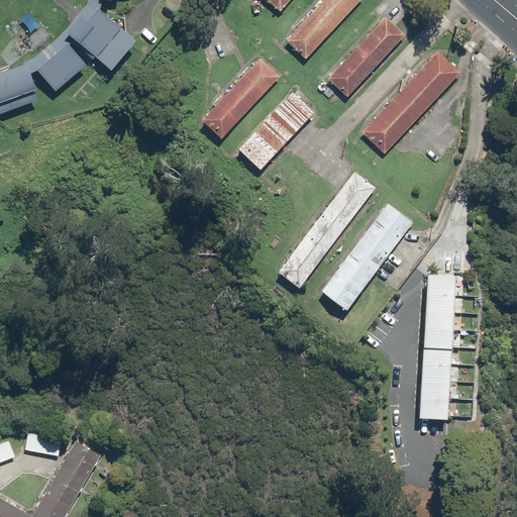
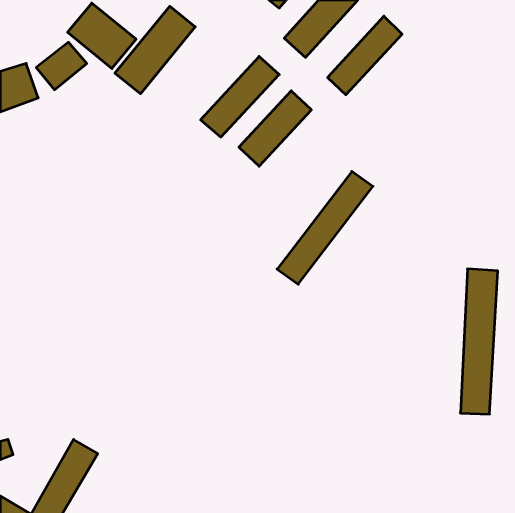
building: none -> [115,6,195,94]
building: [363,51,460,153] -> none
building: [322,205,411,309] -> none
building: [420,273,457,418] -> [460,269,498,414]
building: [24,434,61,457] -> none

